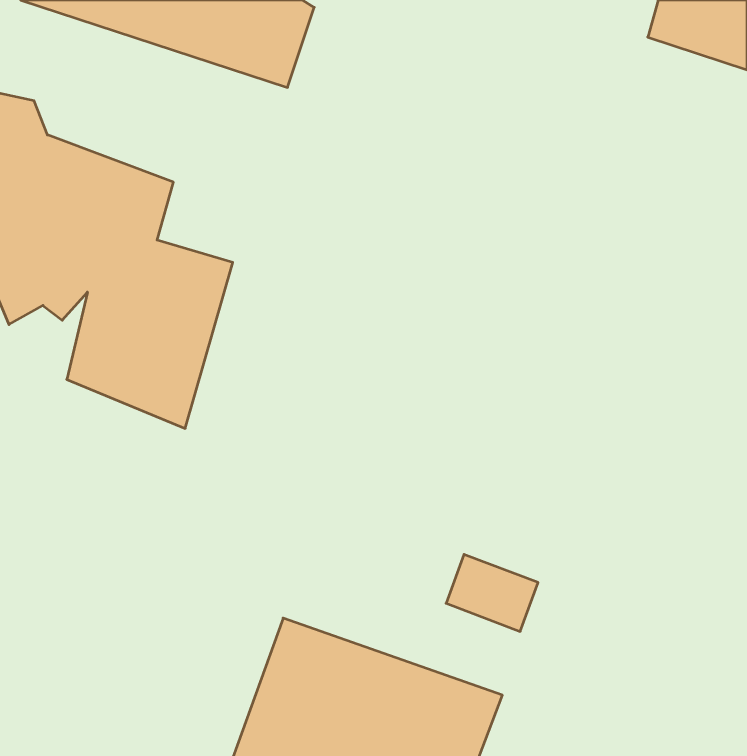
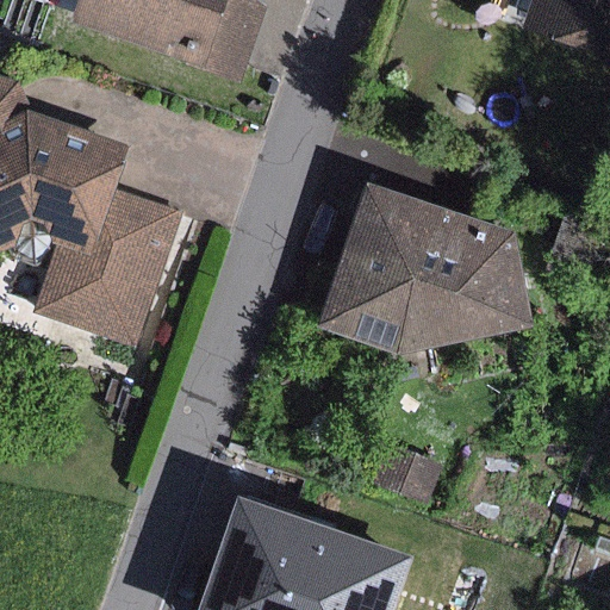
building: none -> [319,181,533,349]

